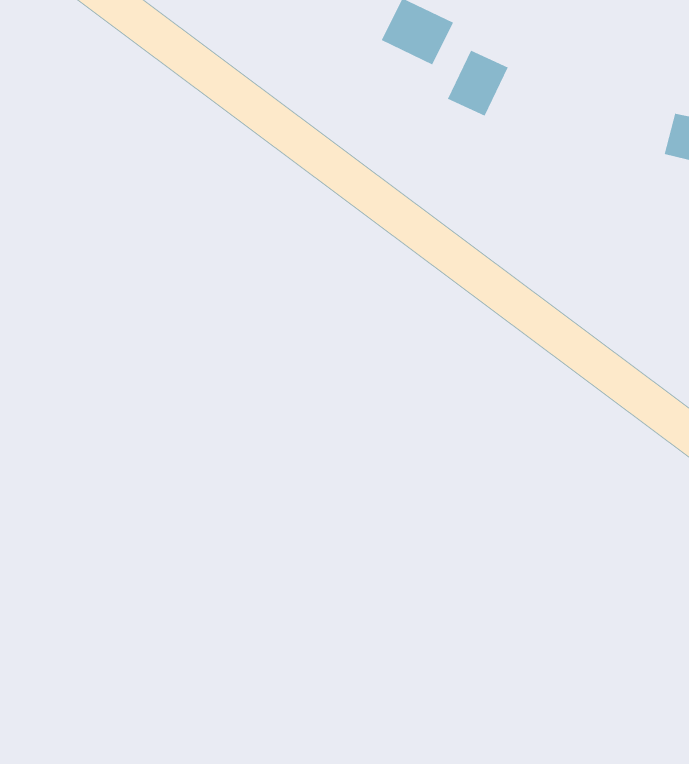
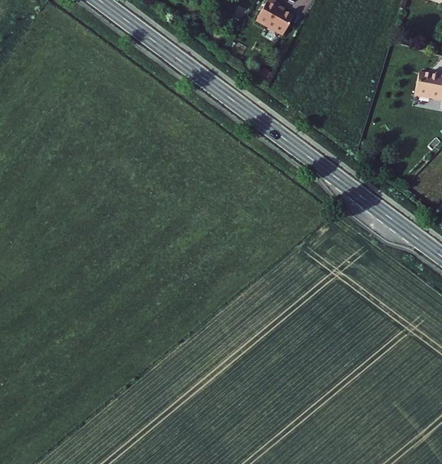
building: [447,50,509,117] -> none

